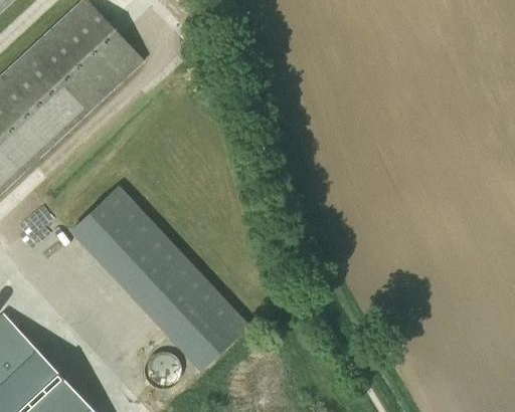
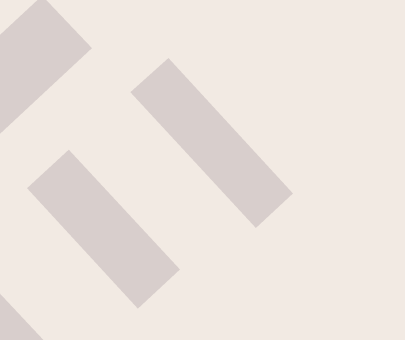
building: none -> [129,57,294,229]

